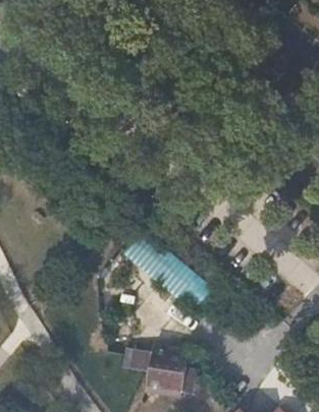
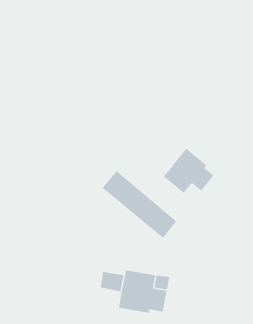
building: none -> [163,148,215,194]

